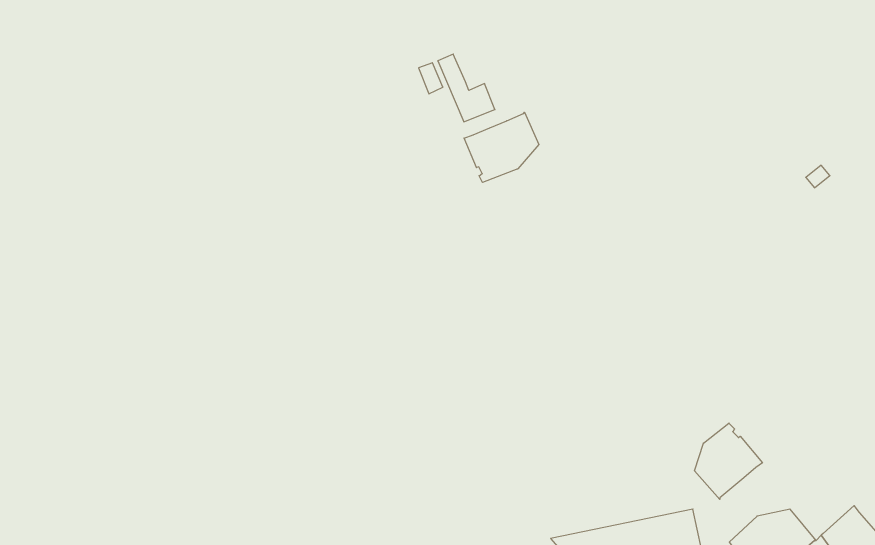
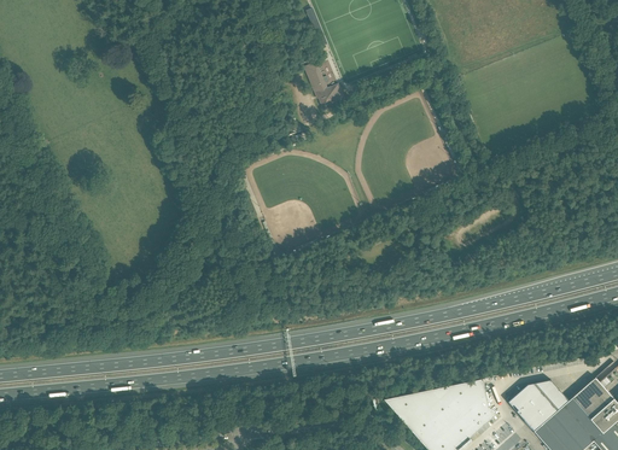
building: [464,112,539,182] -> none
building: [695,423,762,499] -> none

